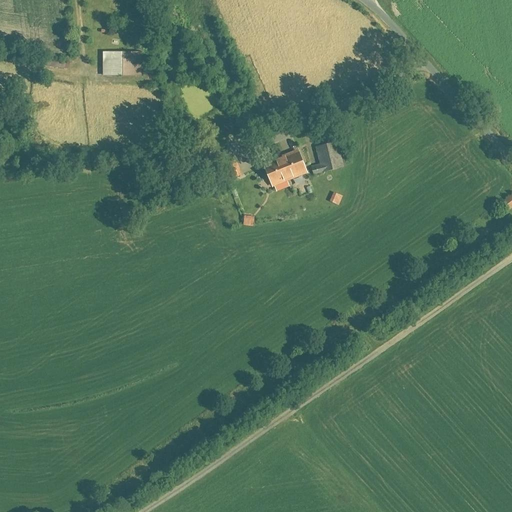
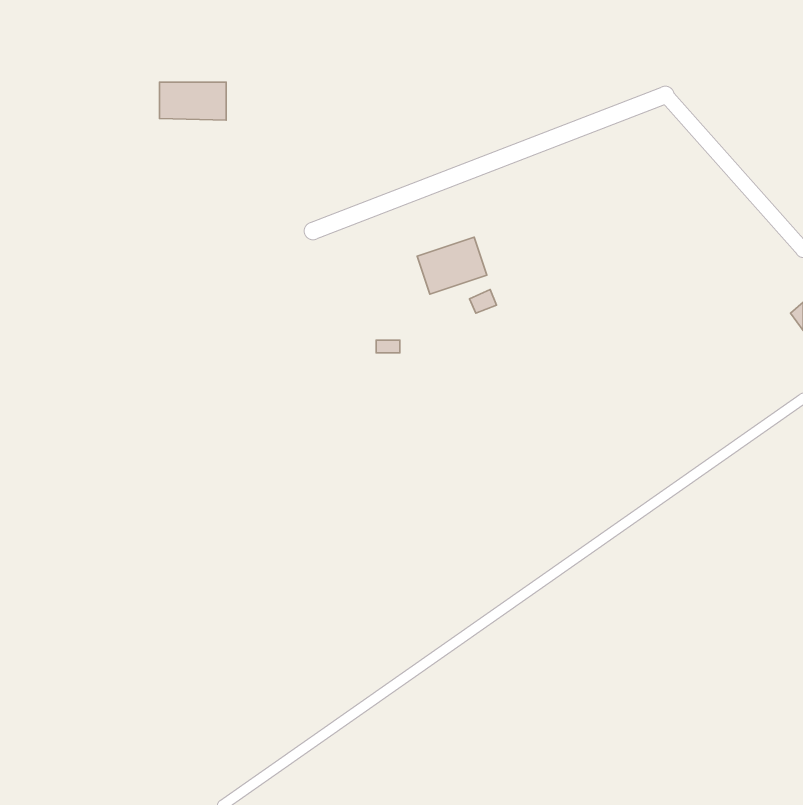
building: [314,143,335,169] -> none

